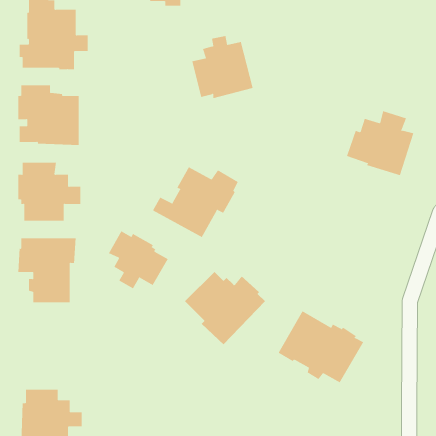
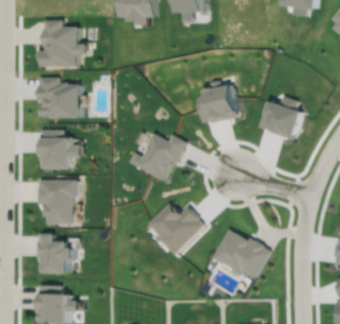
building: [191,35,254,99] -> [196,80,238,123]
building: [108,230,168,289] -> none
building: none -> [35,235,69,276]

